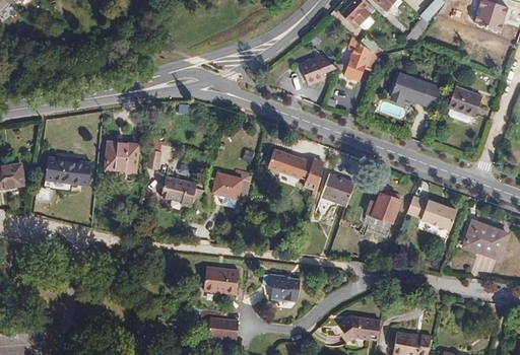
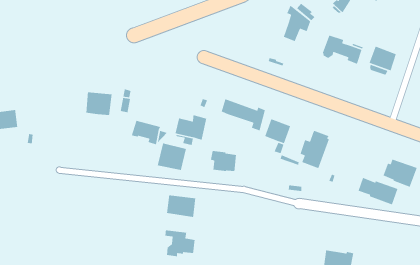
building: [300,51,334,84] -> none
building: [44,156,90,185] -> none
building: [406,195,456,229] -> [357,177,398,205]
building: none -> [157,142,187,171]
building: [267,273,300,299] -> [210,150,237,172]
building: [337,315,380,340] -> none

